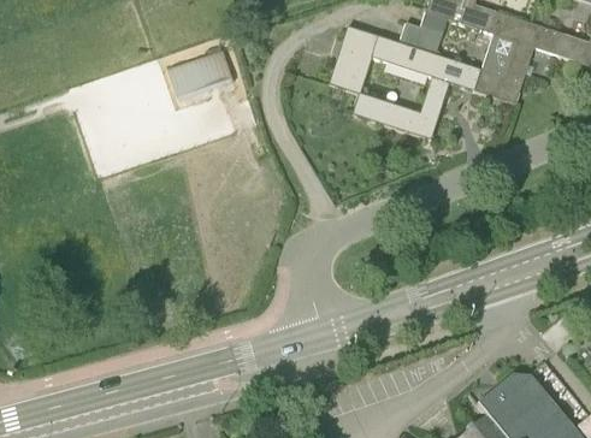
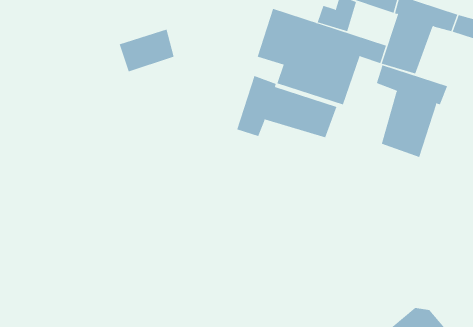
building: none -> [376,64,448,158]
building: none -> [236,75,337,138]

